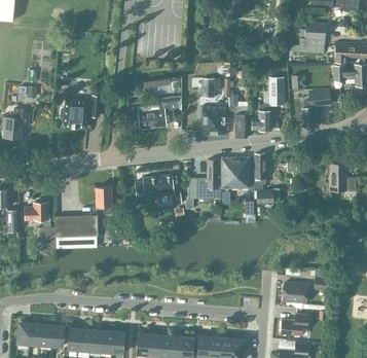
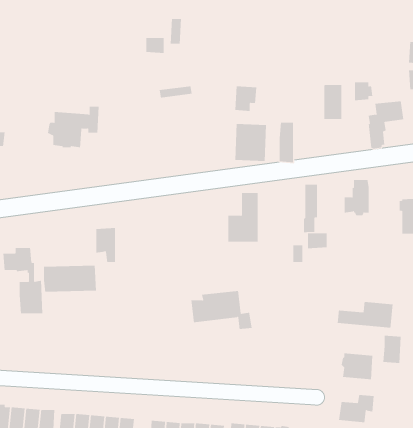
building: [299,24,326,55] -> none
building: [138,97,180,129] -> none
building: [252,105,271,133] -> [344,179,369,216]
building: [221,158,249,188] -> none
building: [135,175,182,205] -> [190,291,252,330]
building: none -> [337,301,393,328]

